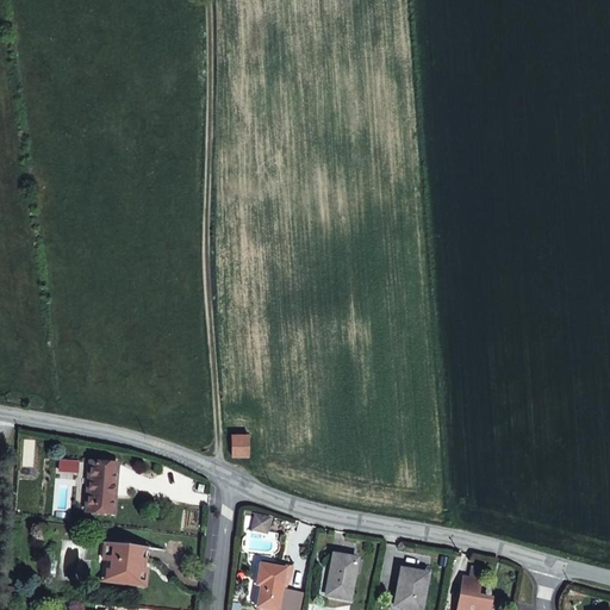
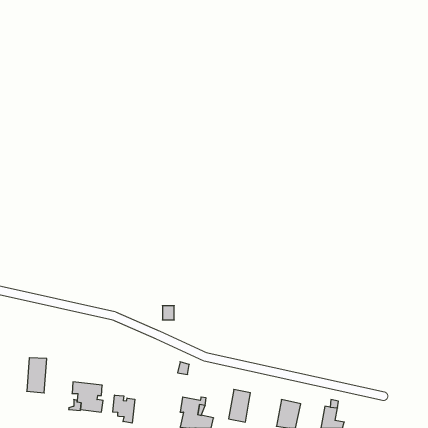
building: [87,463,116,513] -> [27,358,47,393]
building: none -> [113,395,135,423]

